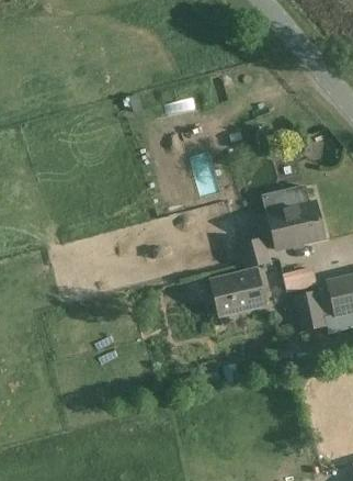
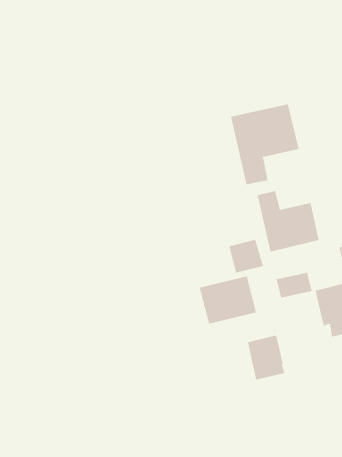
building: none -> [230,103,299,185]
building: [292,284,327,332] -> [247,329,285,380]

